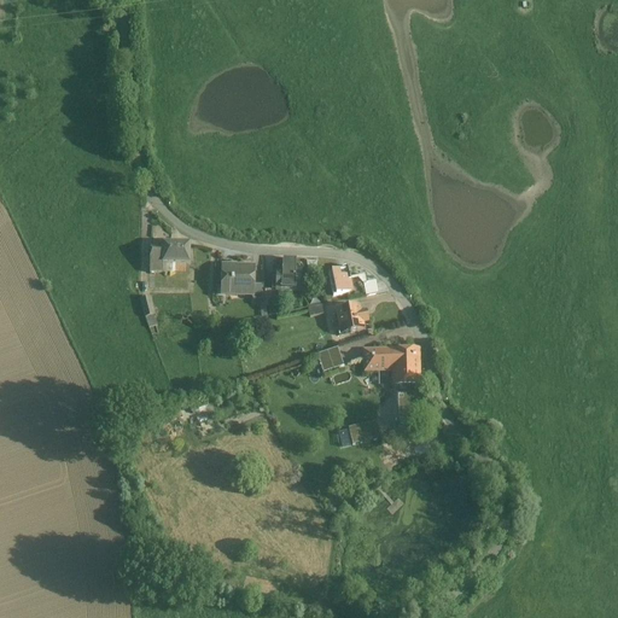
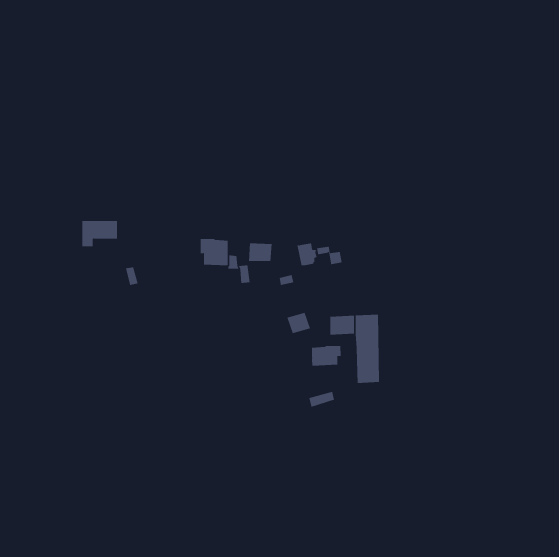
building: [147,240,187,269] -> [82,220,118,247]
building: [334,302,361,330] -> none
building: none -> [311,345,341,367]

